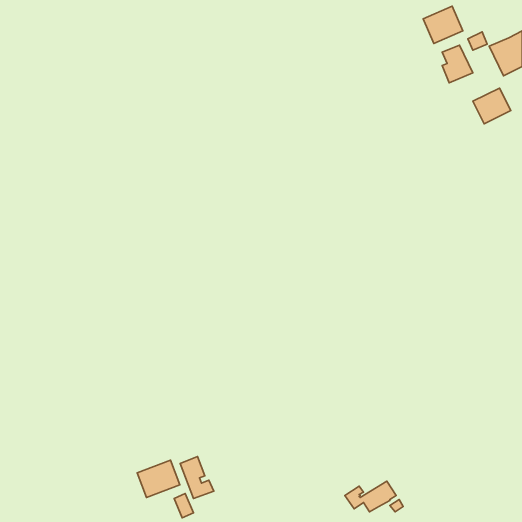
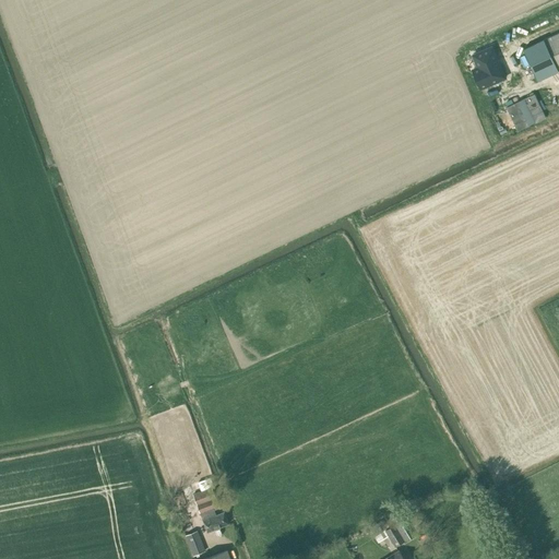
building: [423,6,463,44] -> none
building: [137,460,180,498] -> none

